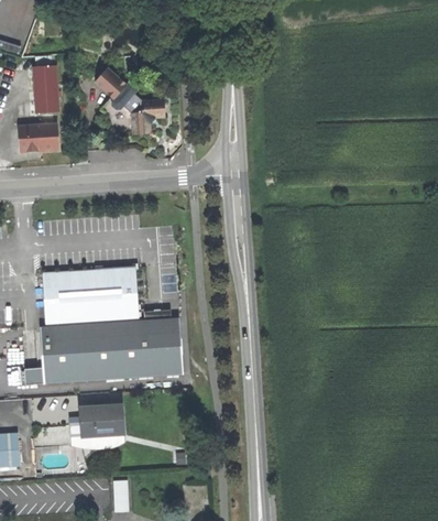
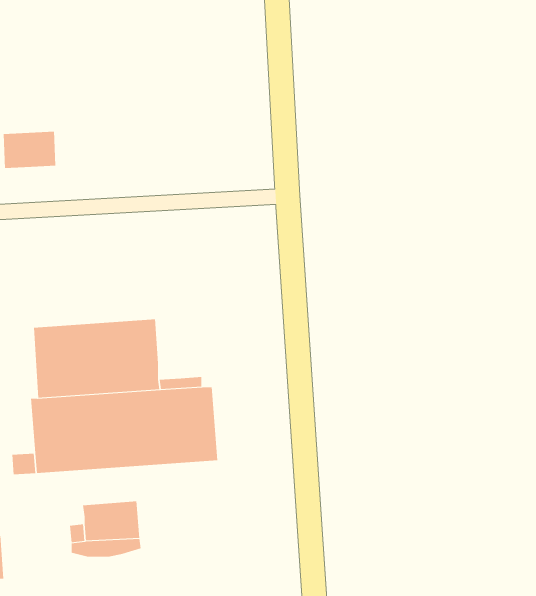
building: [34,65,61,112] -> none
building: [97,67,166,135] -> none

